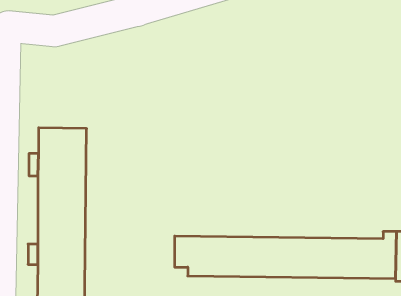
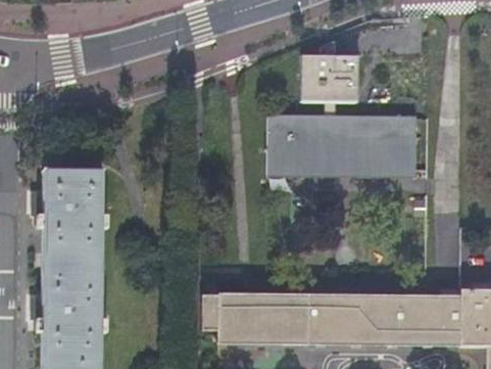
building: none -> [268,36,418,176]

